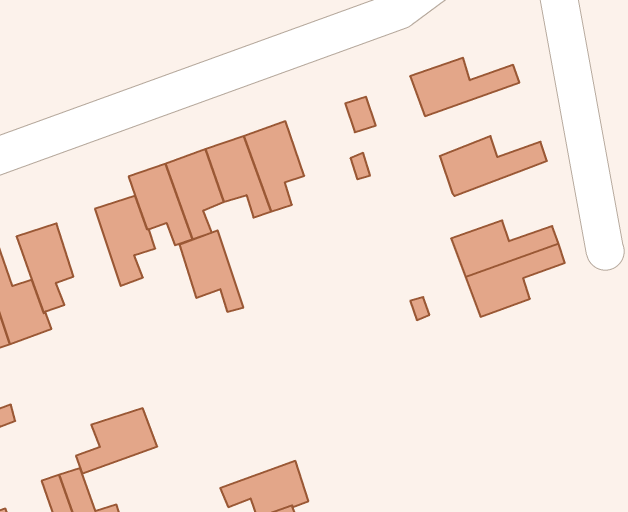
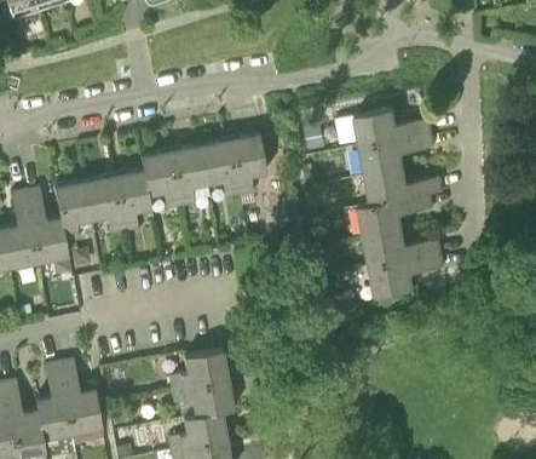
building: none -> [361,132,434,176]
building: none -> [361,194,433,236]
building: [179,230,243,312] -> [85,174,123,234]
building: [76,408,157,474] -> [169,349,229,389]

